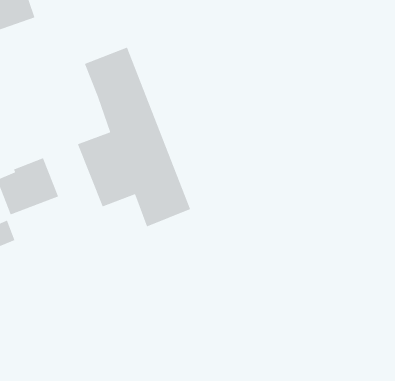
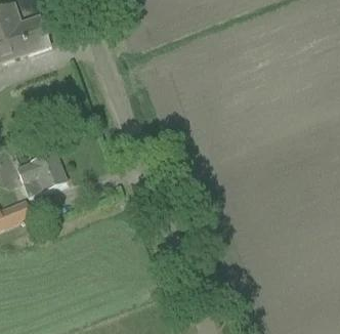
building: [77,46,191,228] -> none

